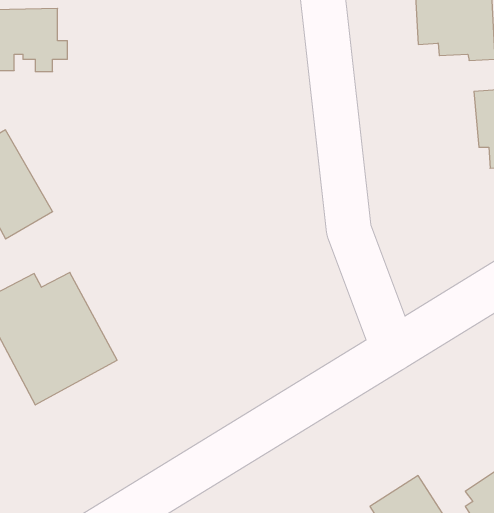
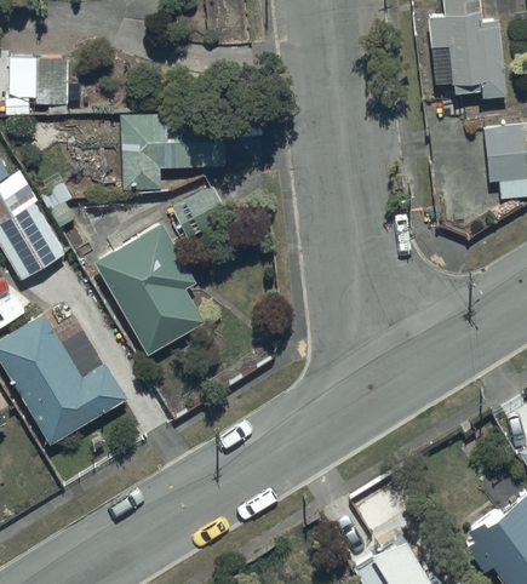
building: none -> [122,116,224,191]
building: none -> [98,222,210,355]

